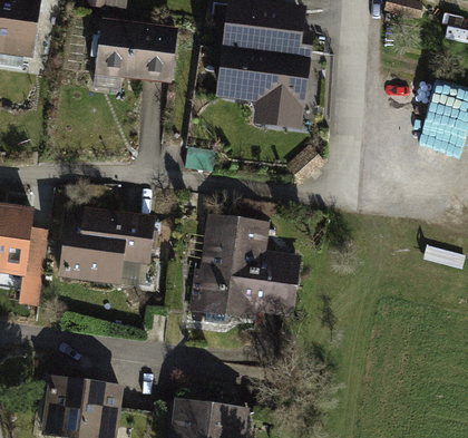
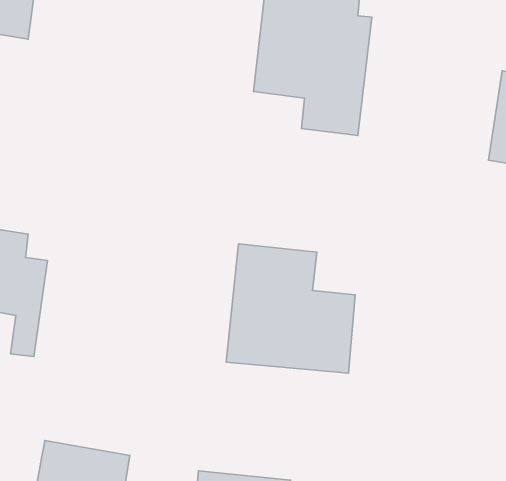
building: [91,21,176,86] -> none
building: [62,212,155,282] -> none

